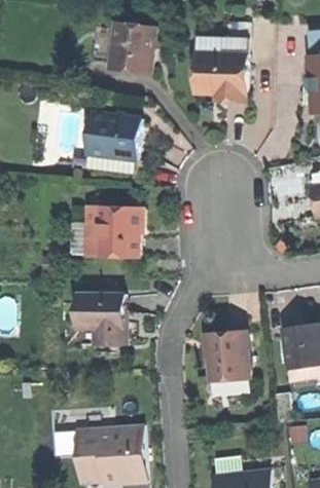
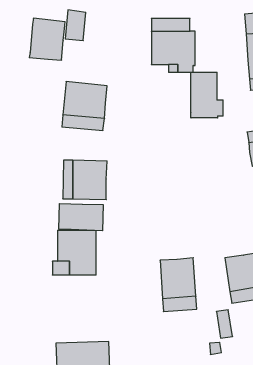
building: [111,24,154,74] -> [29,18,65,60]
building: none -> [191,72,223,118]
building: none -> [59,204,103,231]

